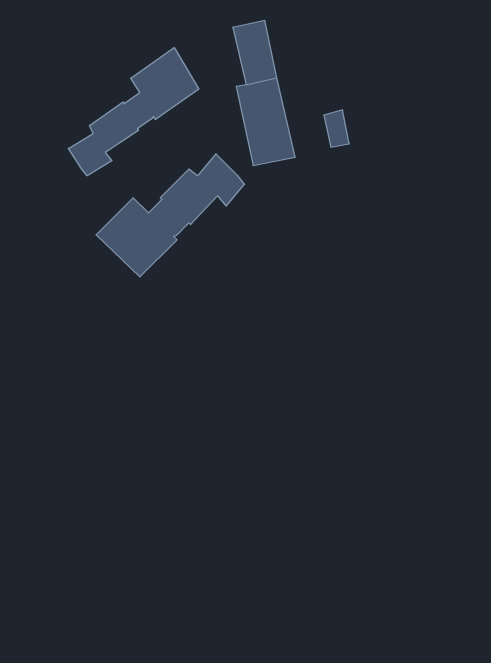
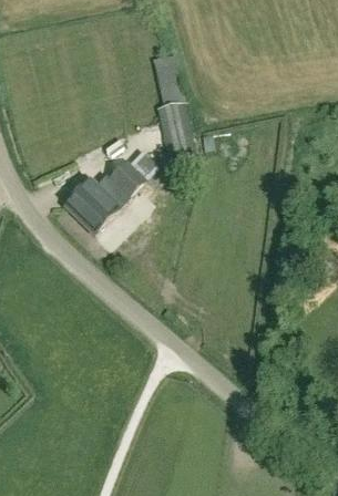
building: [68,48,199,176] -> none

